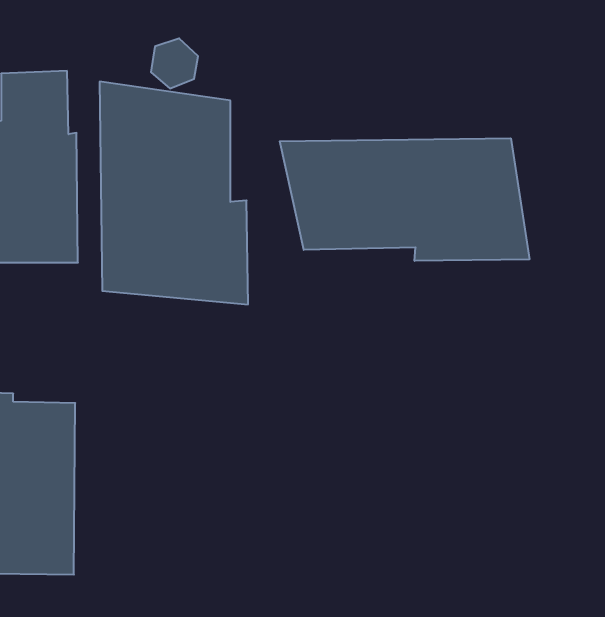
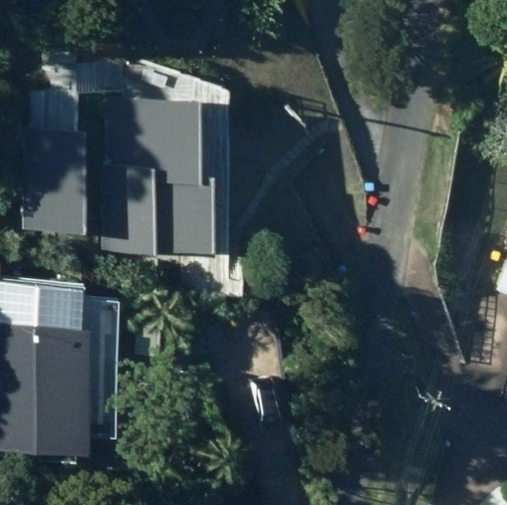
building: [280,138,529,261] -> none

